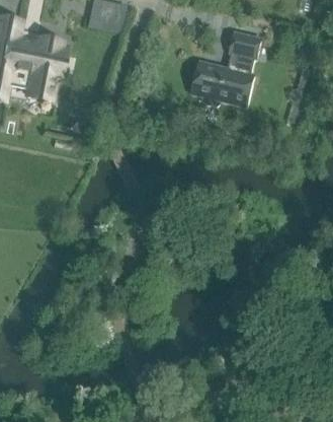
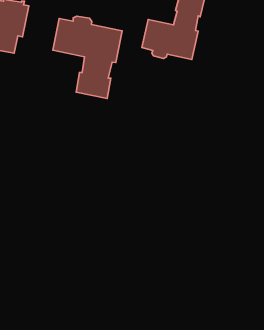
building: none -> [53,16,122,99]

